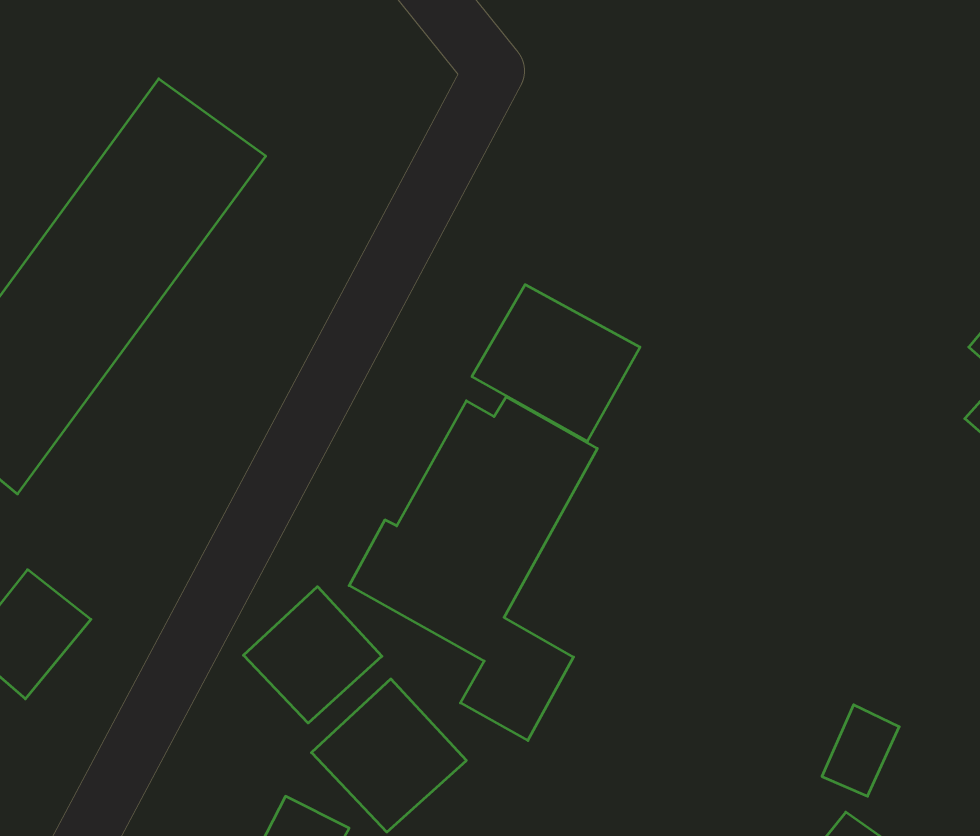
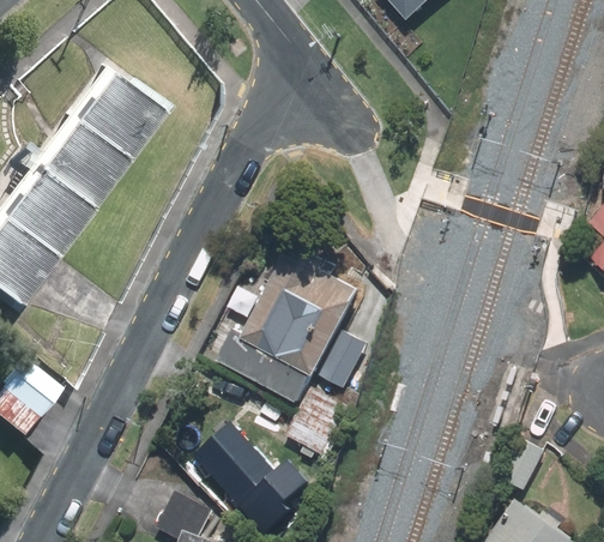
building: [472,285,640,441] -> none
building: [243,587,382,723] -> none

